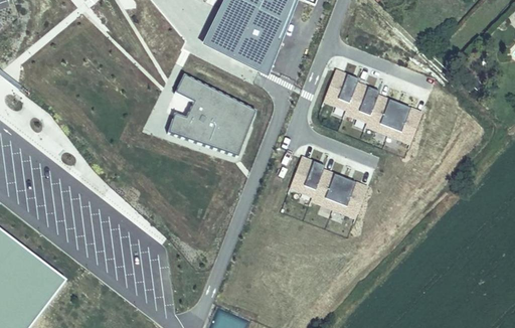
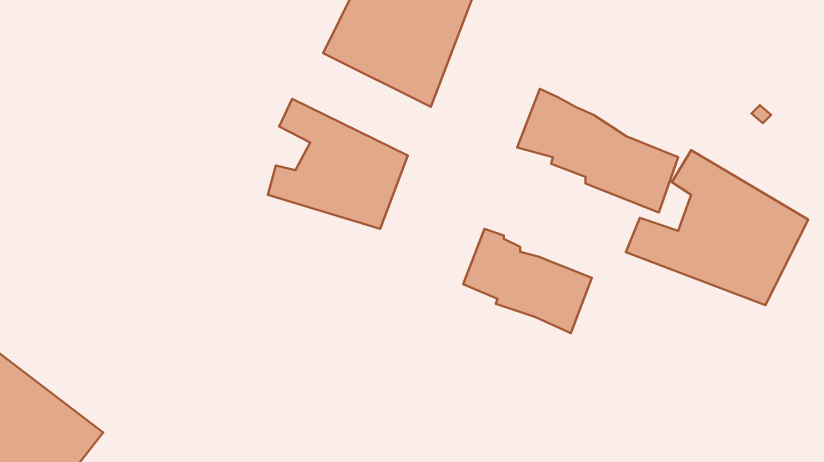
building: none -> [626,150,808,305]

